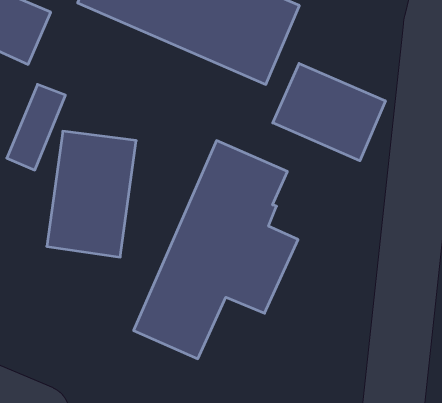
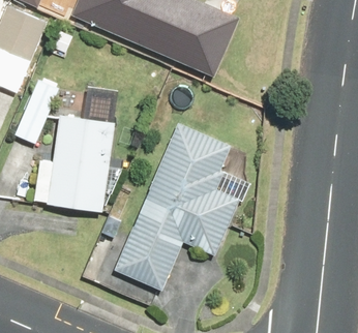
building: [273,63,385,161] -> none

